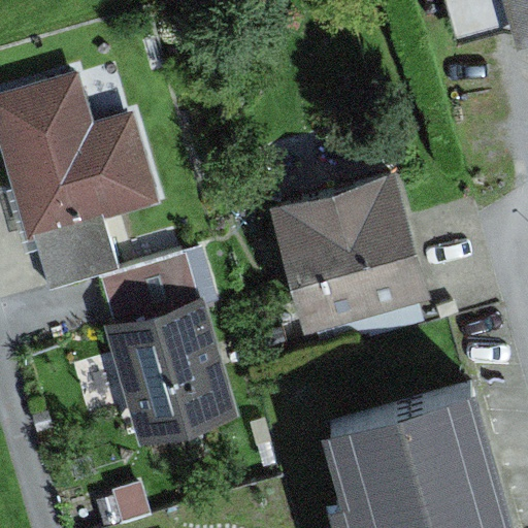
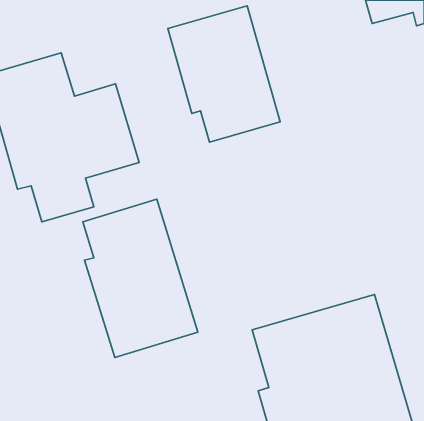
building: none -> [168,6,280,142]
building: [265,164,426,350] -> none

